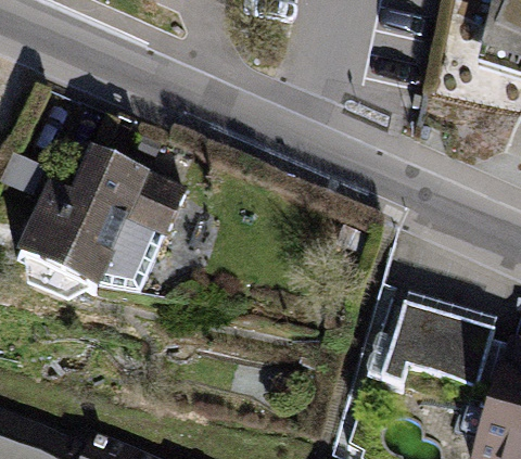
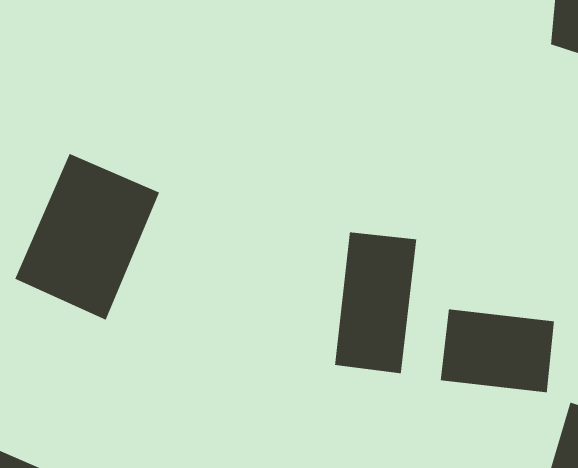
building: none -> [334,232,417,374]

